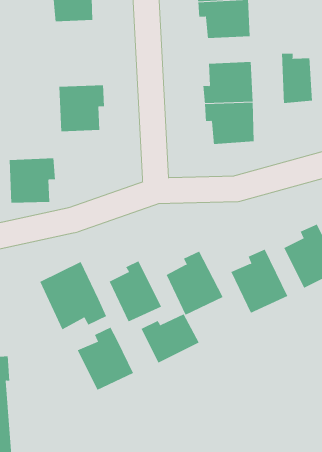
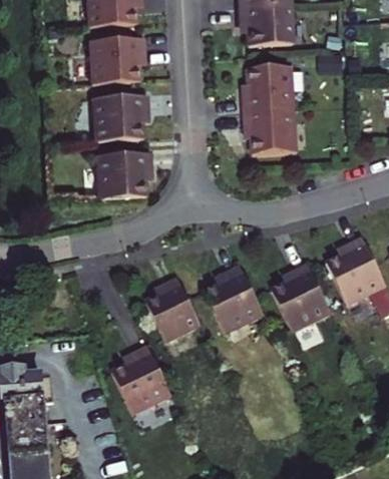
building: none -> [90,38,138,84]
building: [281,53,312,104] -> none
building: [9,158,56,203] -> [96,150,145,197]
building: [39,261,107,330] -> none
building: [141,313,199,363] -> none

